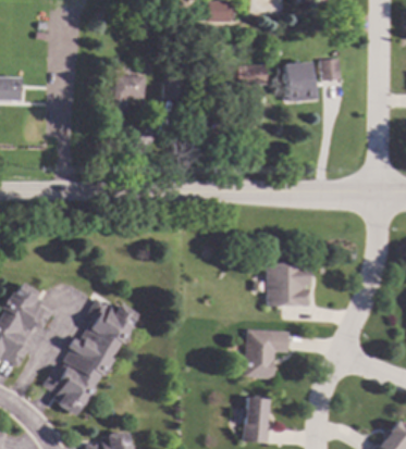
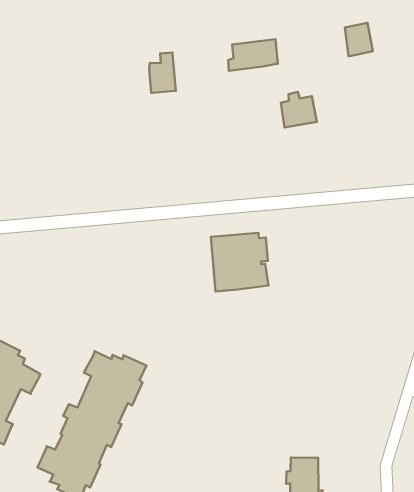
building: [284,68,311,96] -> [281,92,317,127]
building: [110,74,144,114] -> none
building: [266,262,309,305] -> [211,233,269,291]
building: [244,329,287,378] -> none

